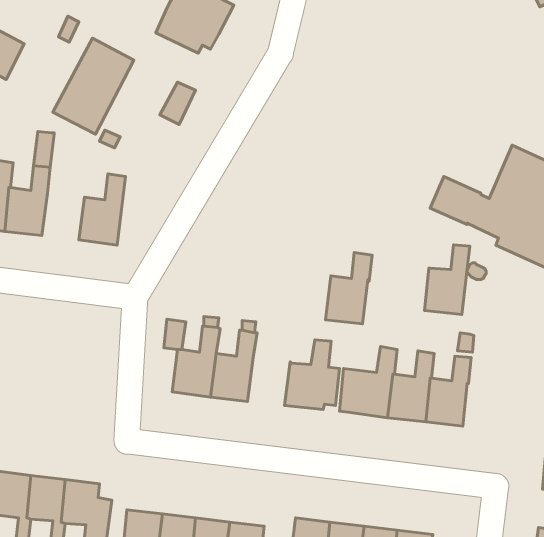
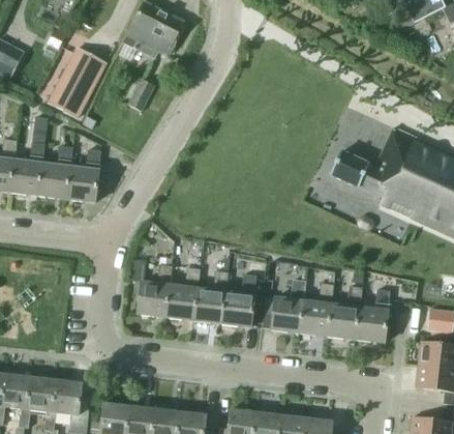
building: none -> [37,145,72,198]
building: [425,245,470,315] -> [355,289,389,342]
building: [325,253,372,324] -> [192,269,228,323]

